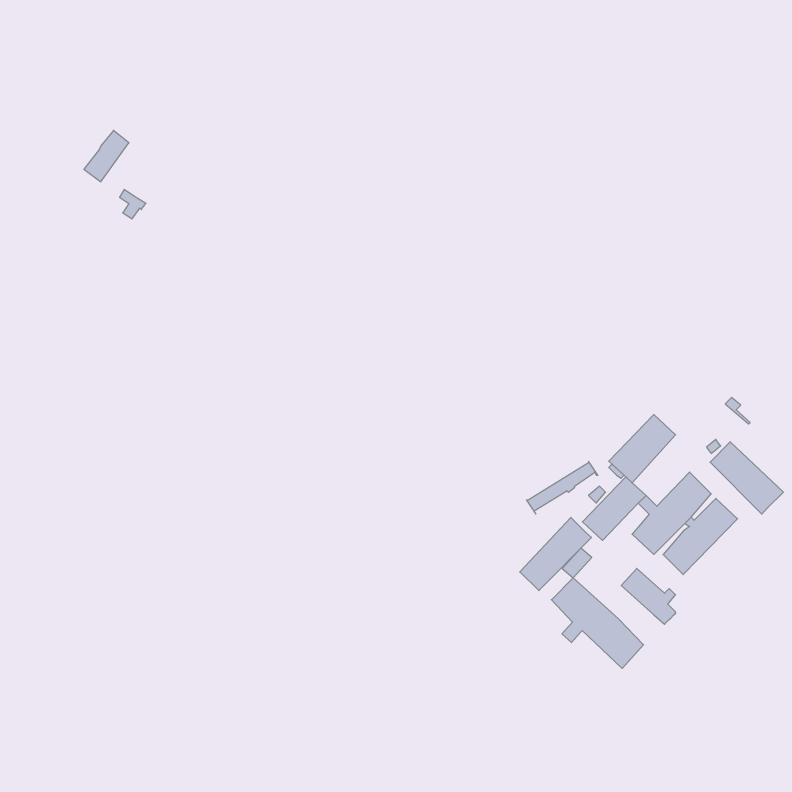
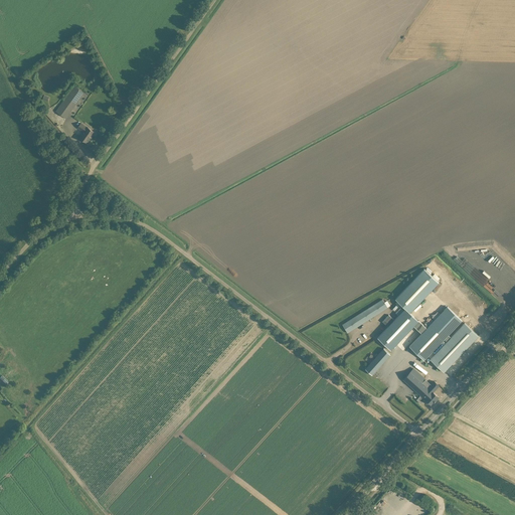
building: [710,442,783,514] -> none
building: [520,517,591,591] -> none
building: [551,578,644,668] -> none

